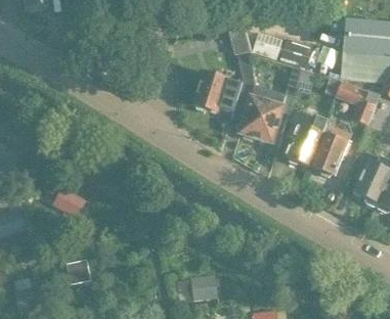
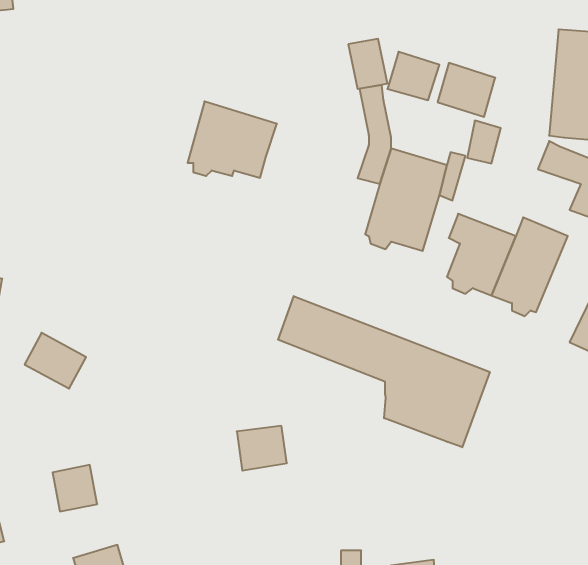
building: [193,71,243,112] -> [188,101,277,178]
building: none -> [278,296,490,447]
building: [192,276,220,301] -> [237,426,287,471]

